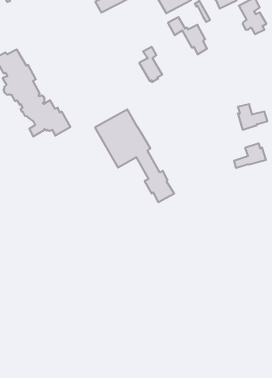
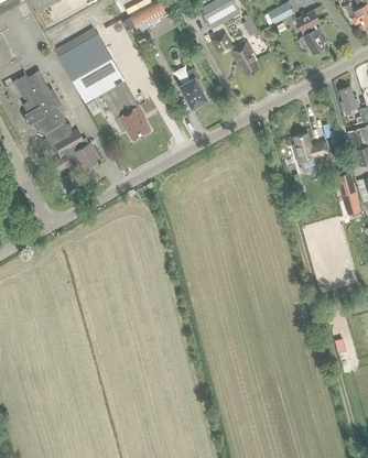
building: [95,109,174,202] -> [59,34,151,141]
building: [234,143,266,168] -> none

